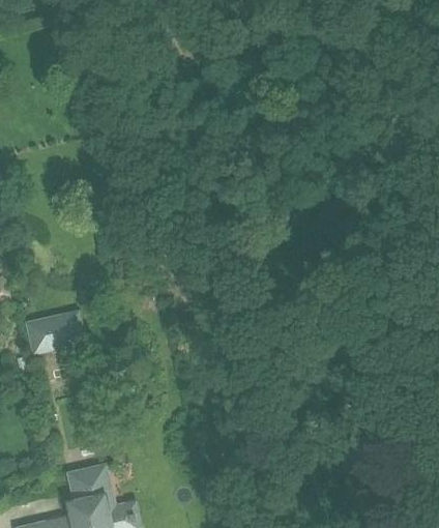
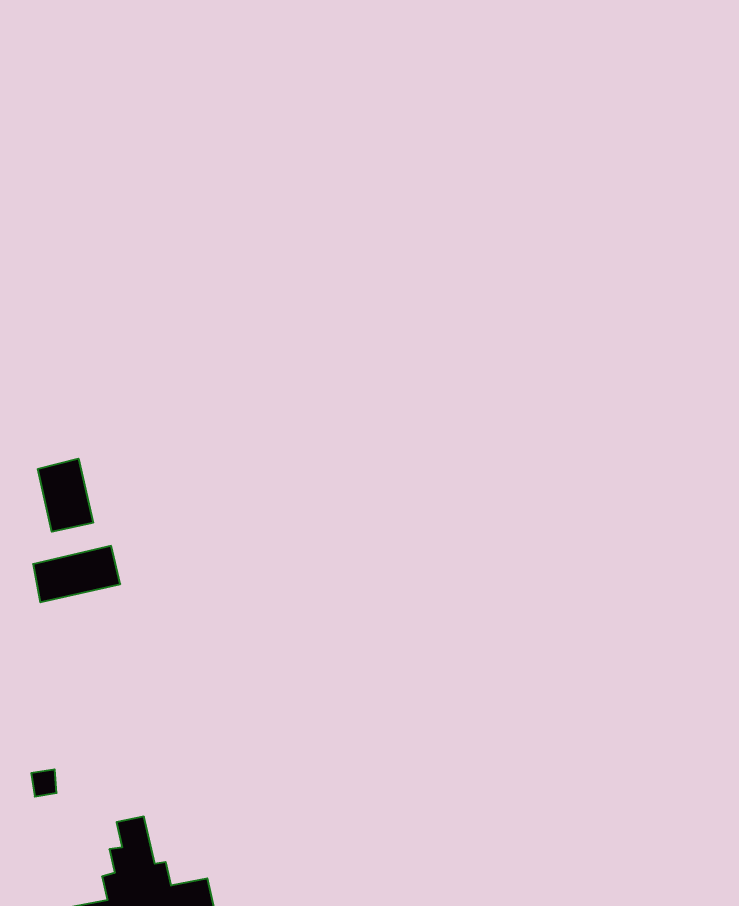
building: none -> [38,459,93,532]

